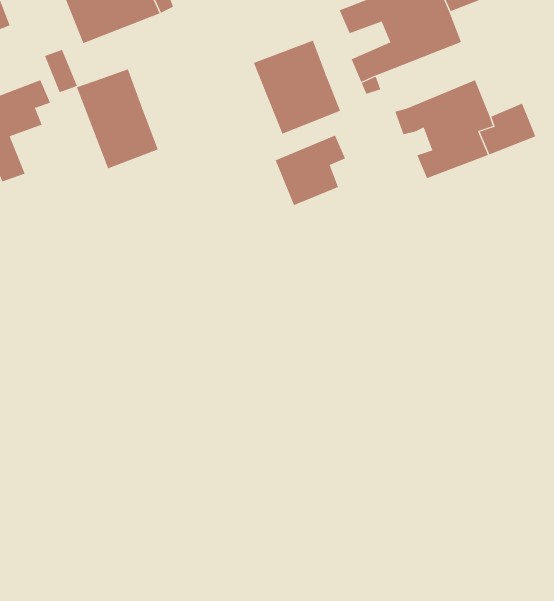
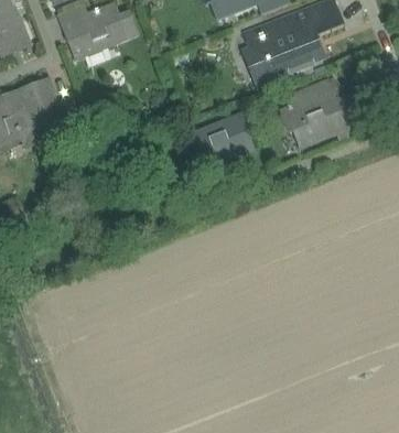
building: [253,40,341,135] -> none
building: [76,69,159,169] -> none

